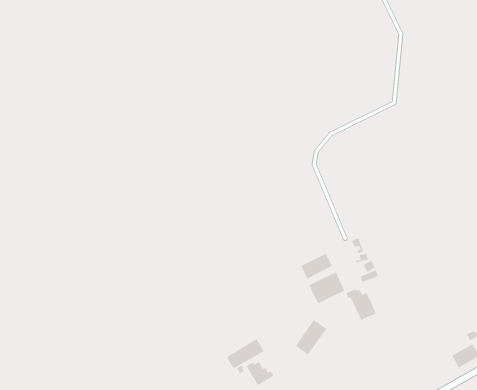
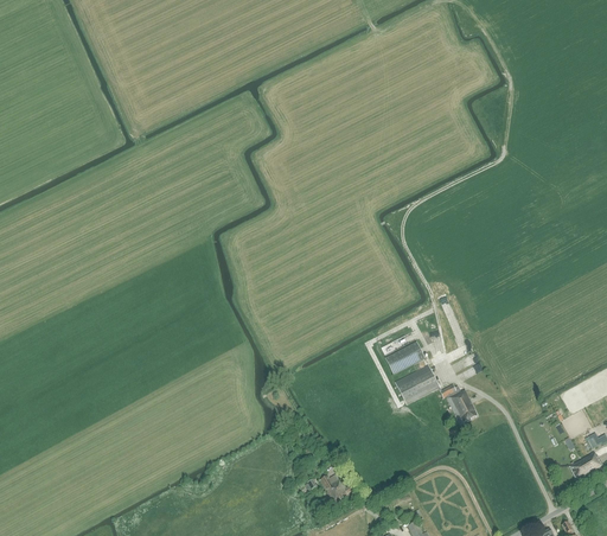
building: [295,319,327,355] -> none
building: [226,338,264,369] -> none

